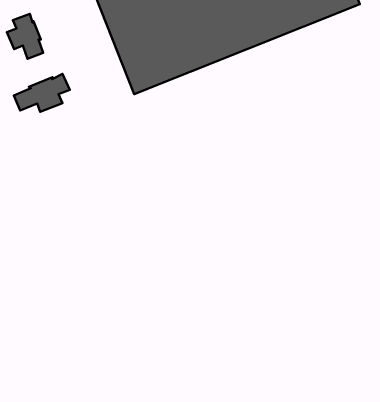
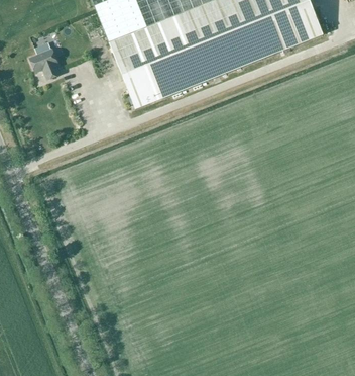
building: [14,74,70,112] -> none

